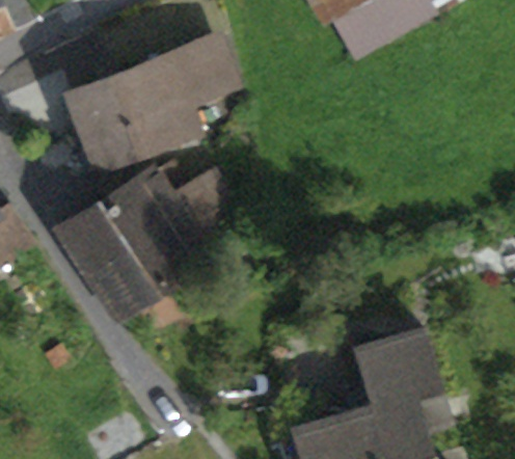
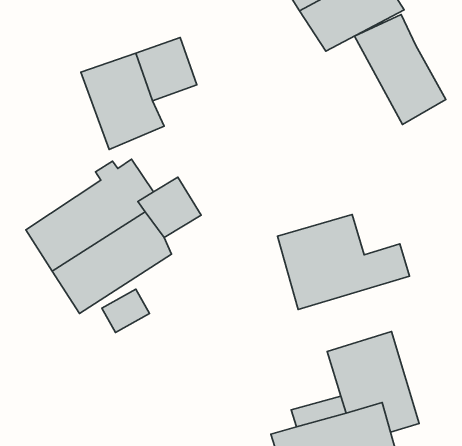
building: none -> [355,15,446,125]
building: [67,73,143,171] -> none
building: none -> [277,215,410,309]

